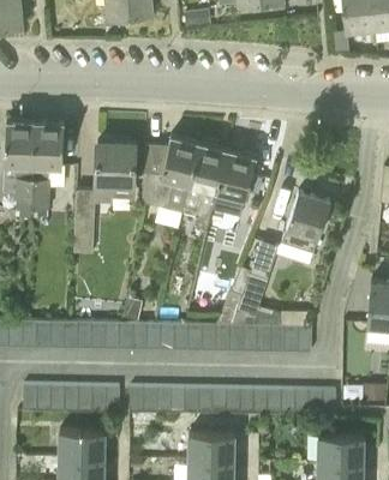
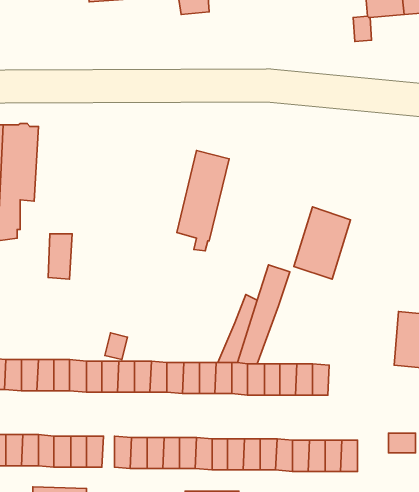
building: [142,137,198,214] -> none
building: [94,143,134,203] -> none
building: [209,151,257,223] -> none

